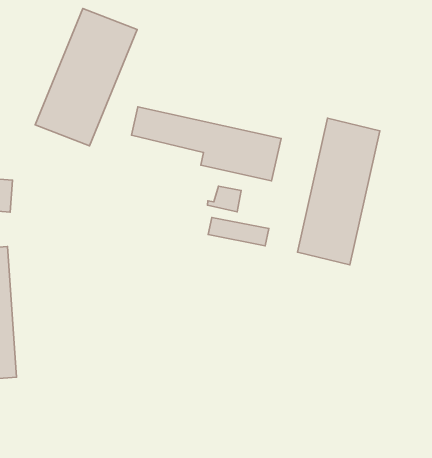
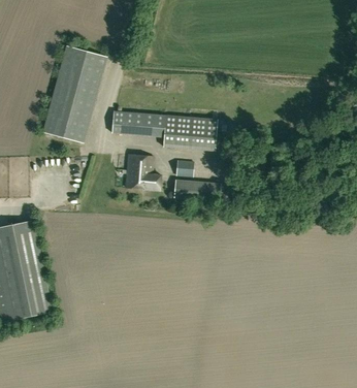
building: [297,118,380,265] -> none
building: none -> [125,153,160,189]

